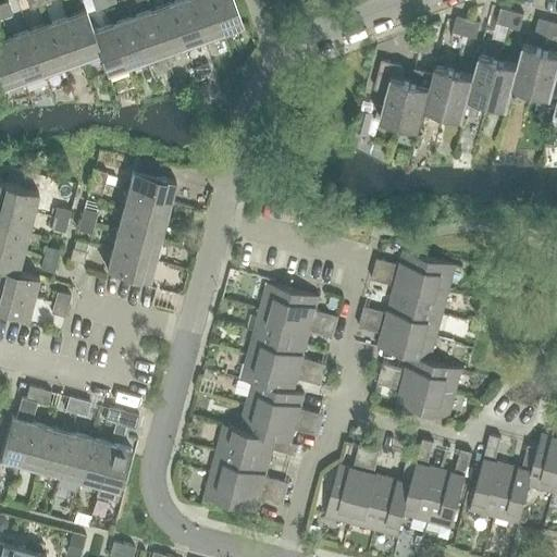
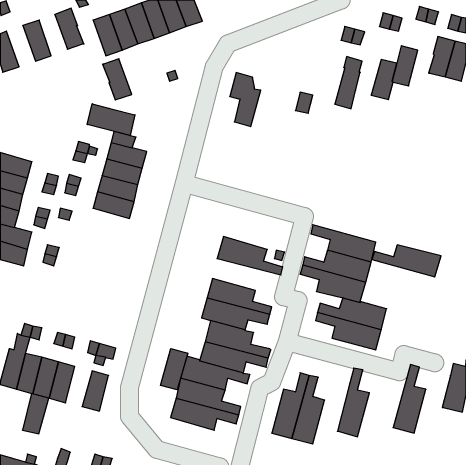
building: [47,20,81,69] -> none
building: [91,26,126,75] -> [103,59,132,100]
building: [8,33,42,82] -> none
building: [374,62,411,126] -> [230,73,261,127]
building: [487,62,518,110] -> none
building: [424,67,455,115] -> none
building: none -> [87,104,135,136]
building: [106,250,154,282] -> none
building: [373,252,456,290] -> [372,245,441,277]
building: [253,310,335,348] -> none
building: none -> [160,349,188,390]
building: [78,438,110,486] -> [22,394,49,434]
building: [494,446,537,524] -> none
building: [426,450,472,529] -> none
building: [373,459,417,537] -> none

